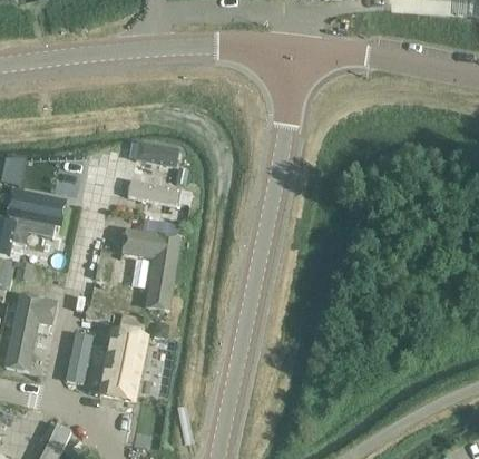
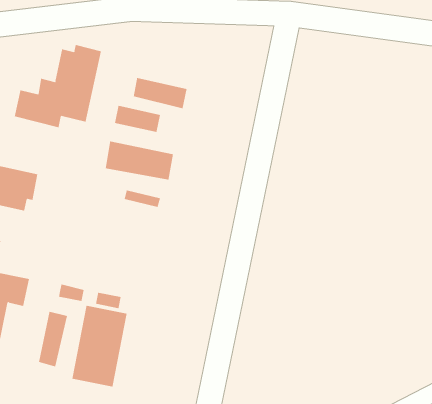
building: none -> [14,44,101,128]
building: none -> [133,77,187,109]
building: [121,227,182,312] -> none

